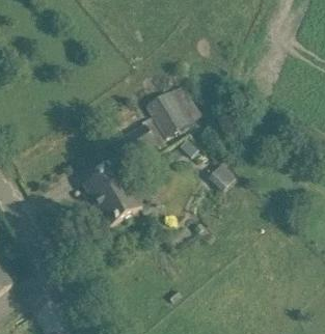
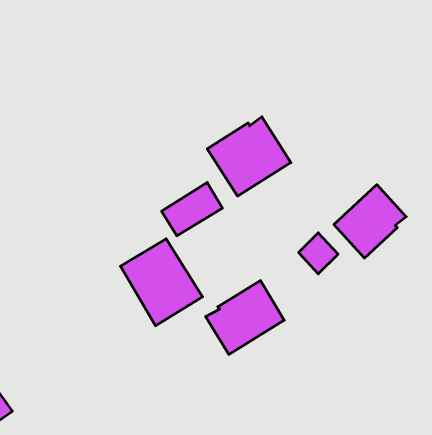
building: none -> [334,185,406,258]
building: none -> [206,281,284,354]

